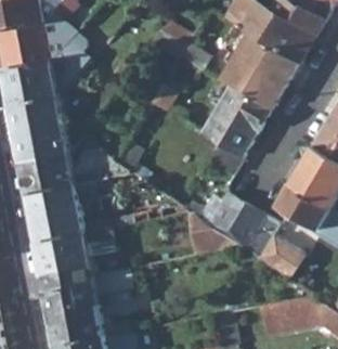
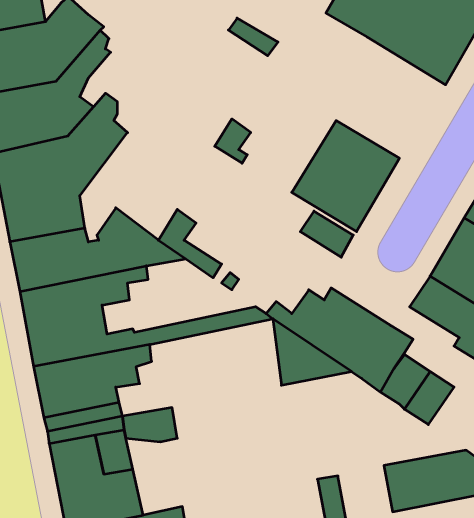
building: [216,34,295,111] -> none

